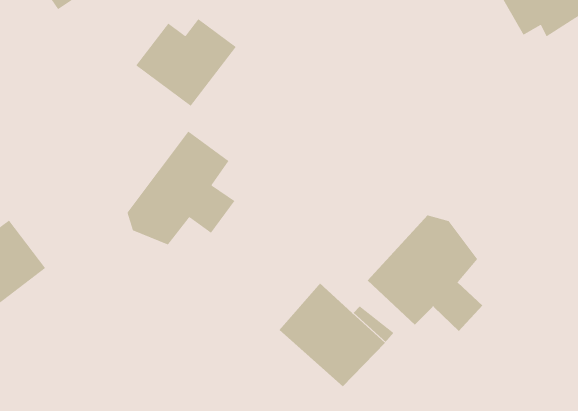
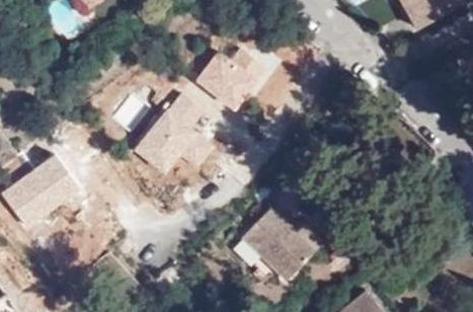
building: [135,18,237,107] -> [194,50,266,112]
building: [367,214,483,332] -> none

